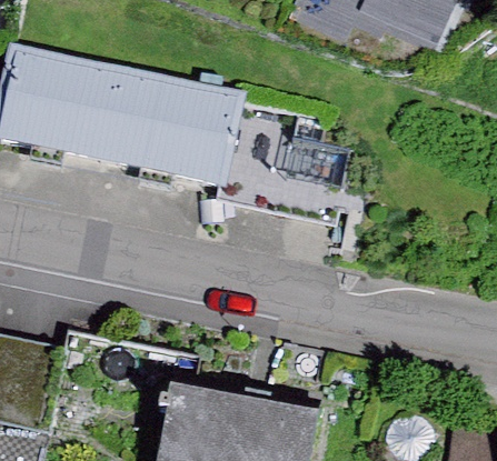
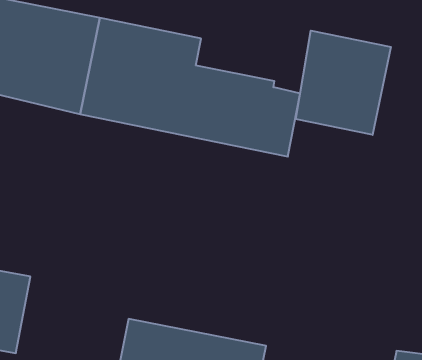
building: none -> [296,31,391,135]

